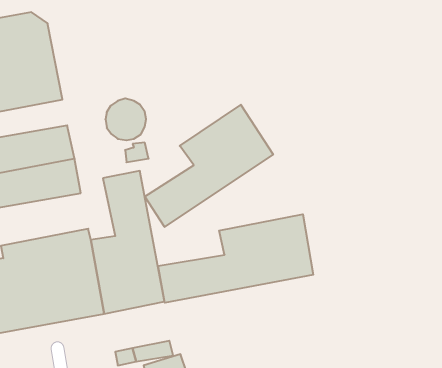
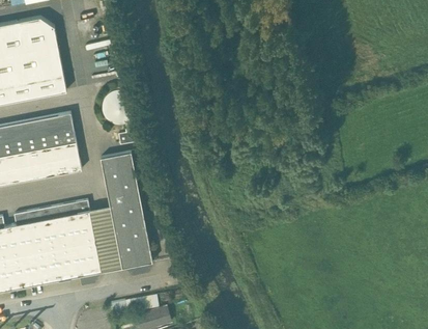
building: [145,105,273,227] -> none
building: [158,214,313,303] -> none

